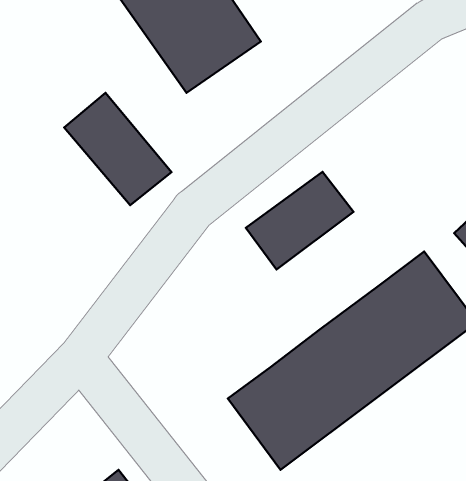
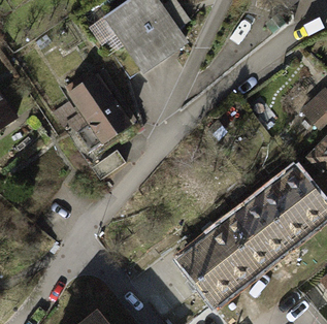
building: [246,172,354,269] -> none

